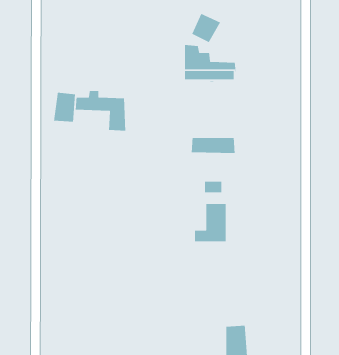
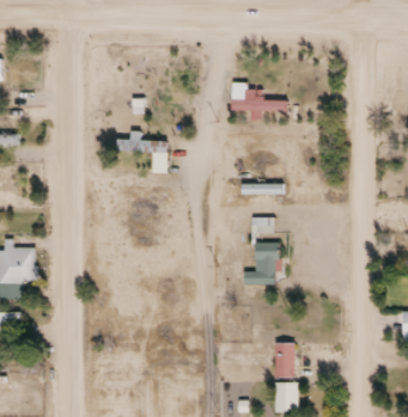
building: [191,13,221,43] -> none
building: [53,92,76,122] -> none
building: none -> [275,341,296,378]

